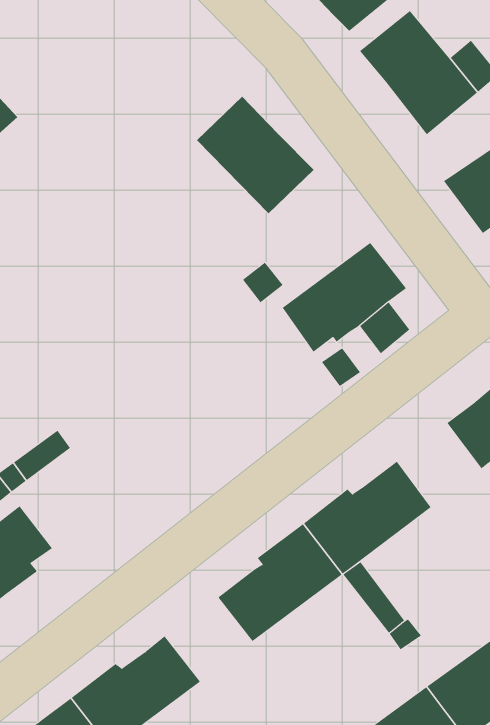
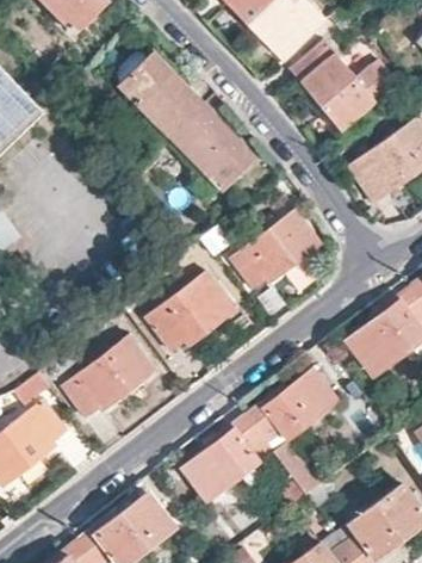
building: none -> [118,49,203,135]
building: none -> [148,272,236,351]
building: none -> [63,333,156,415]

